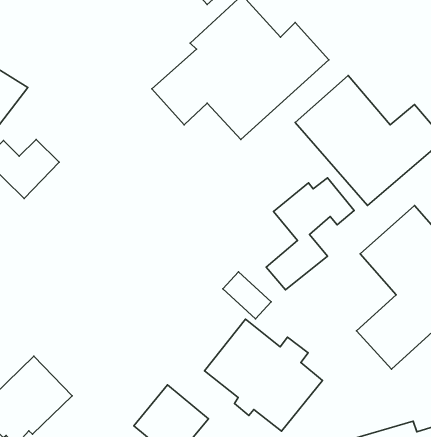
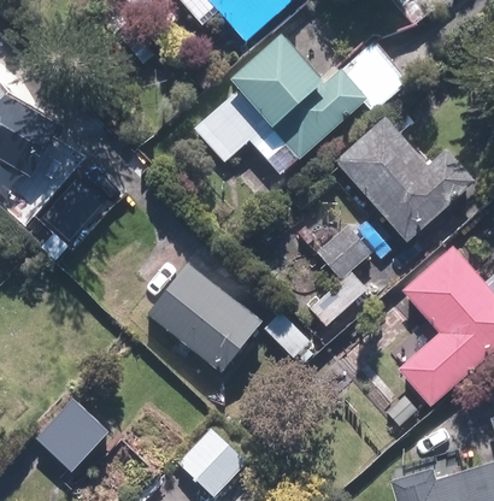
building: [204,319,322,431] -> [143,261,261,373]

